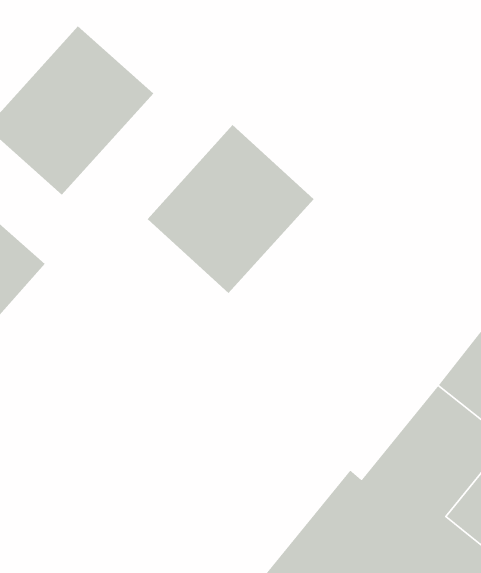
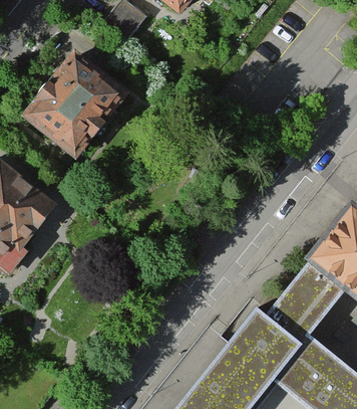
building: [147,124,314,294] -> none

